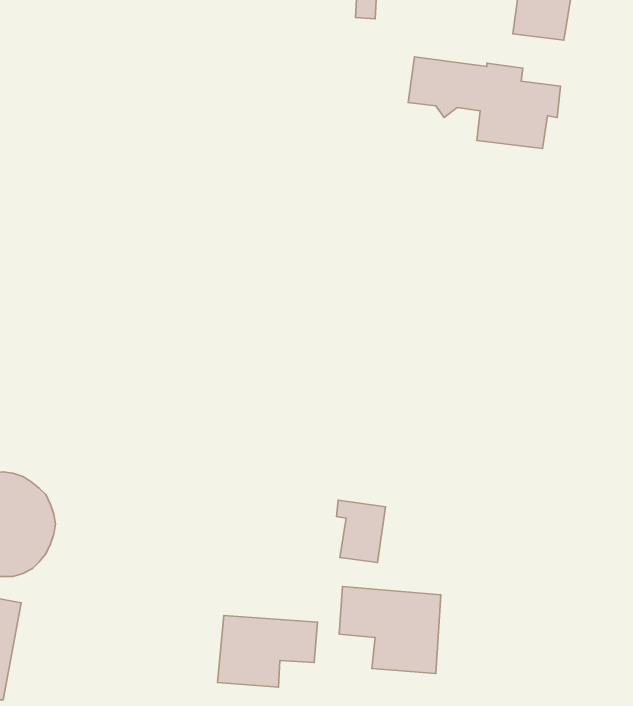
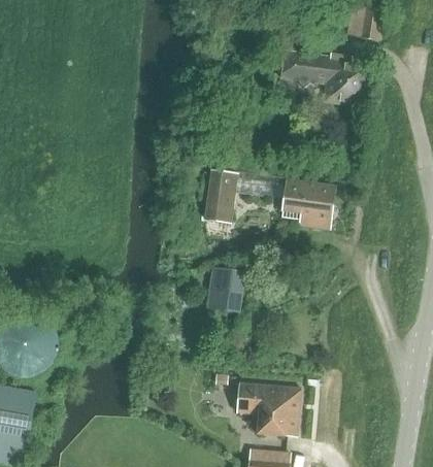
building: none -> [205,170,335,227]
building: [336,500,386,563] -> [211,269,242,308]
building: [218,615,318,687] -> none

